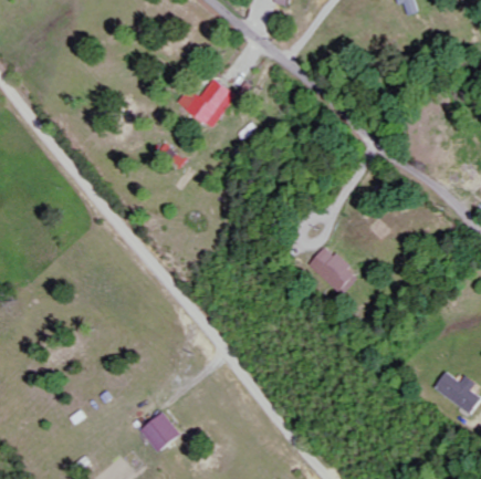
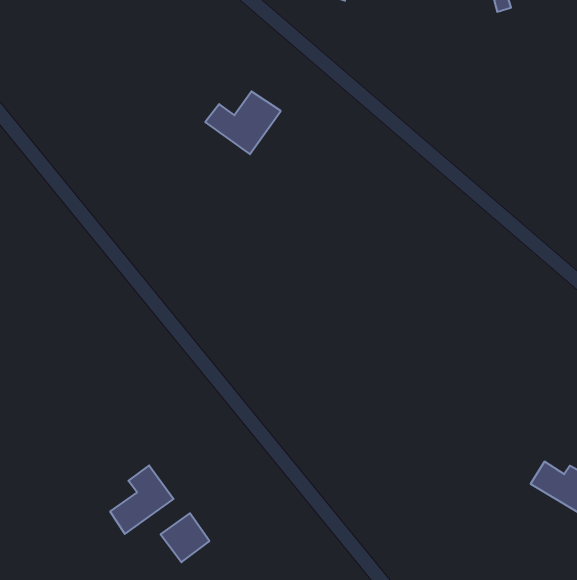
building: [307,246,356,293] -> none
building: none -> [110,465,174,534]

